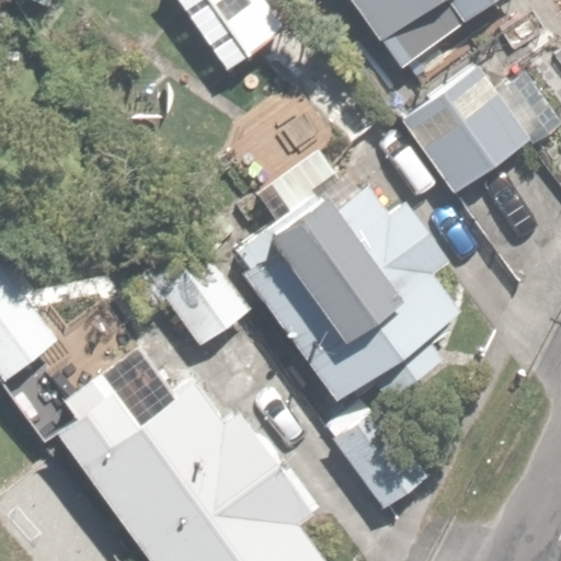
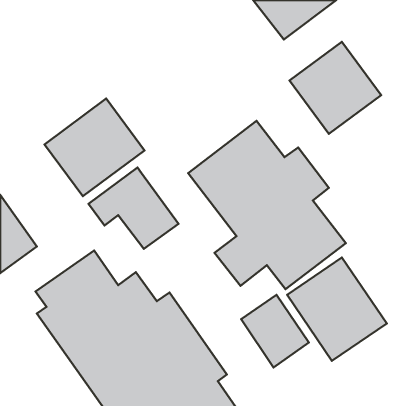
building: none -> [45,99,144,196]
building: none -> [287,258,387,361]

